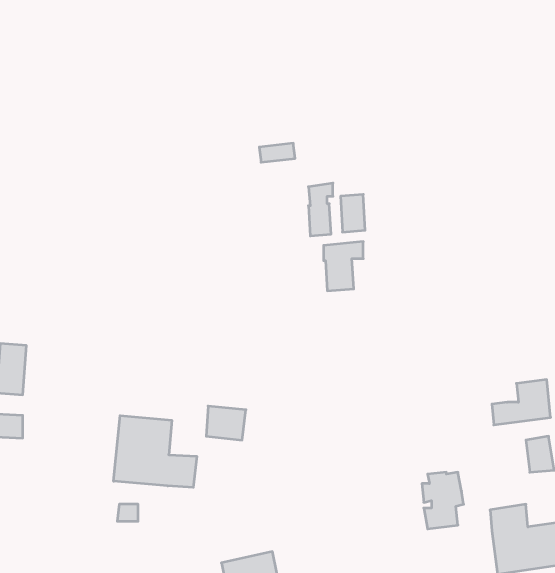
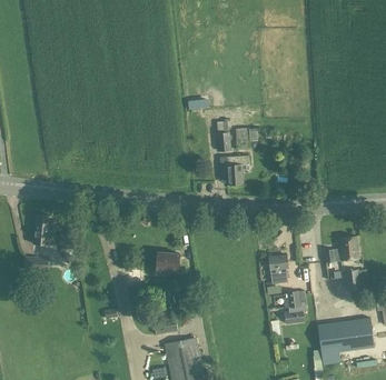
building: none -> [267,256,286,283]
building: [114,416,197,487] -> none

